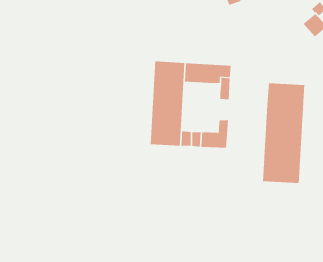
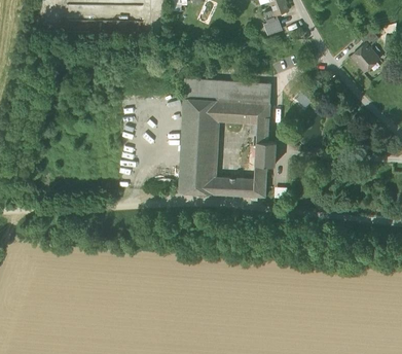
building: none -> [183,78,271,103]
building: [263,83,305,184] -> none
building: none -> [253,141,276,166]

